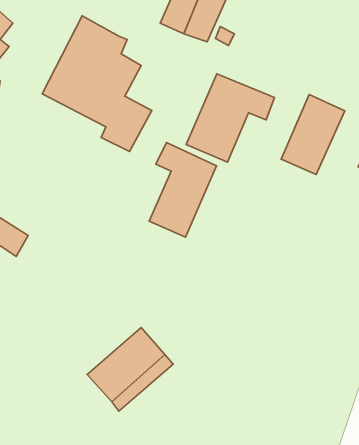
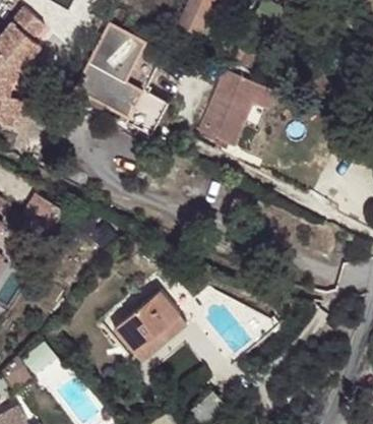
building: [281,94,345,175] -> none
building: [149,143,217,237] -> none

